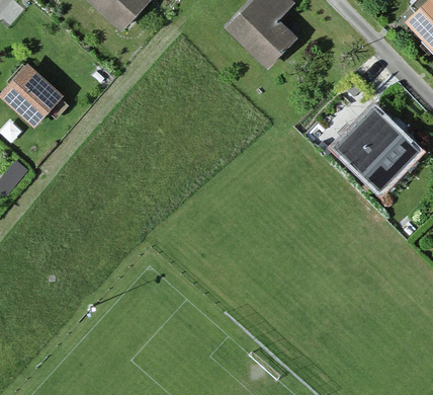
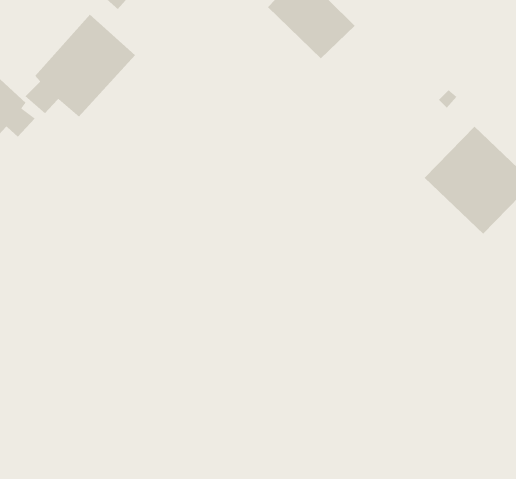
building: none -> [24,14,136,118]

